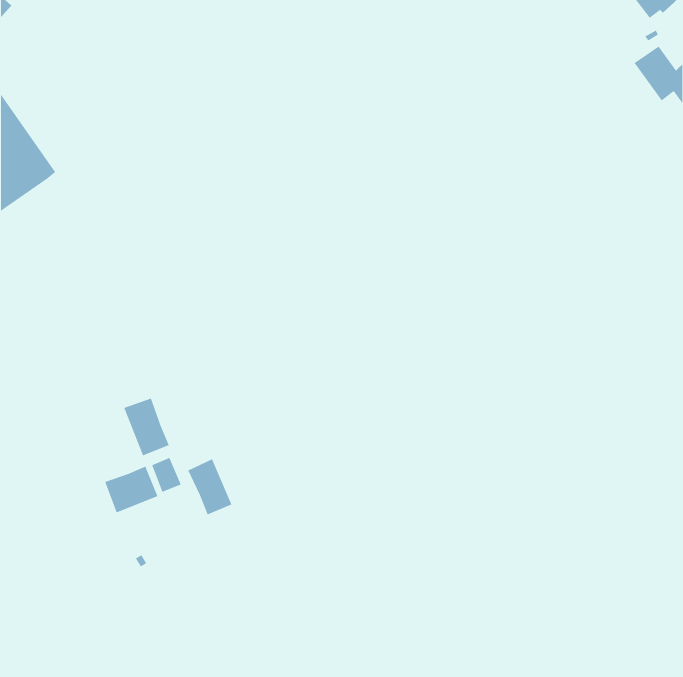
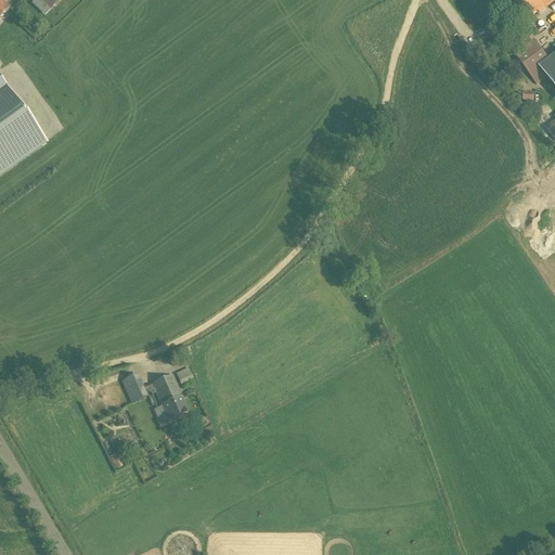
building: [123,397,170,456] -> none
building: [104,466,158,513] -> none

